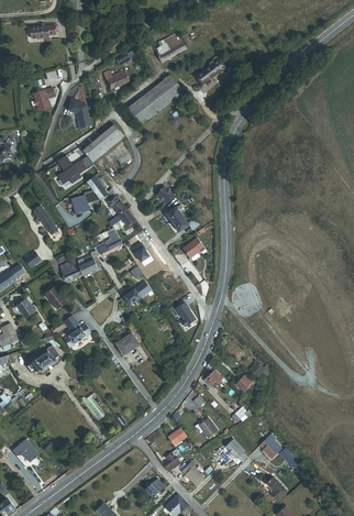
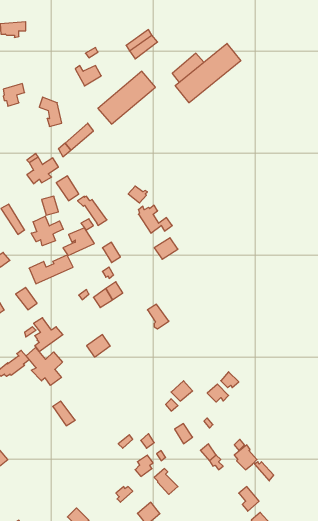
building: none -> [175,43,241,103]
building: none -> [31,216,63,246]
building: none -> [26,347,62,385]

